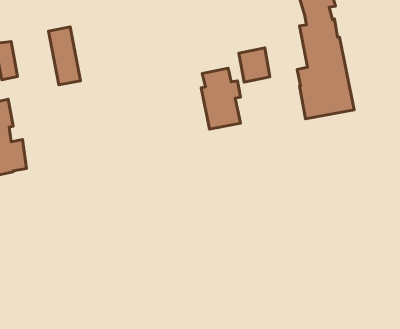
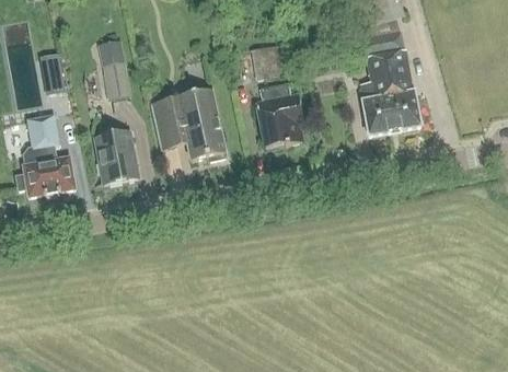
building: [239,48,270,82] -> [249,43,281,79]
building: none -> [151,89,224,160]
building: none -> [94,130,137,182]

